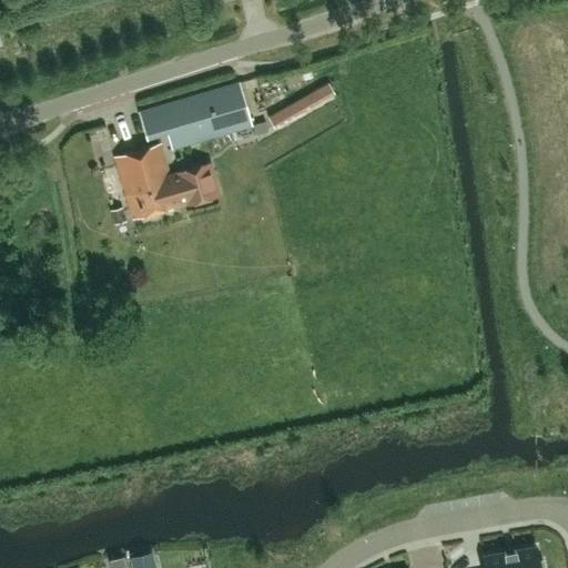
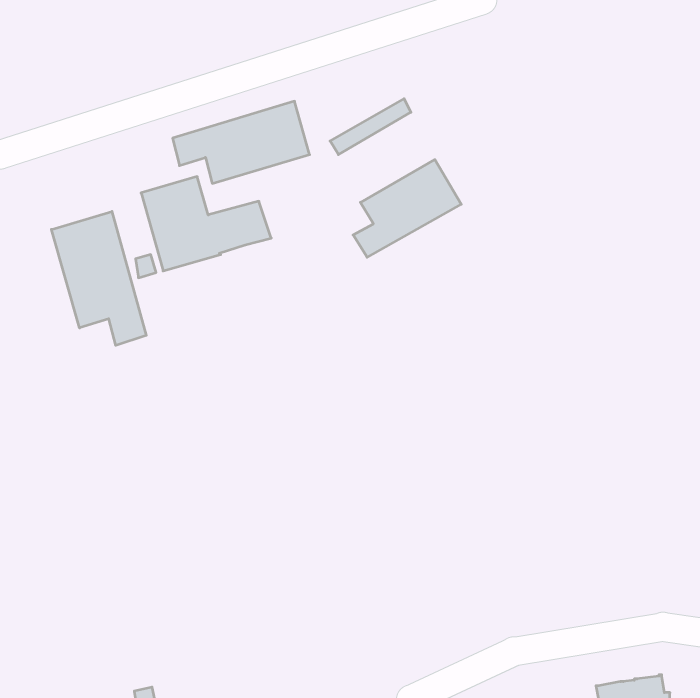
building: none -> [353,160,461,257]
building: none -> [51,211,146,345]

